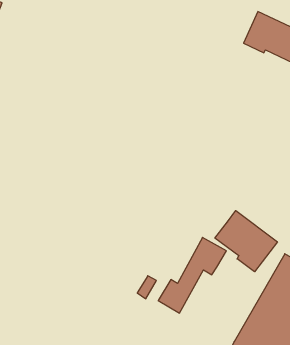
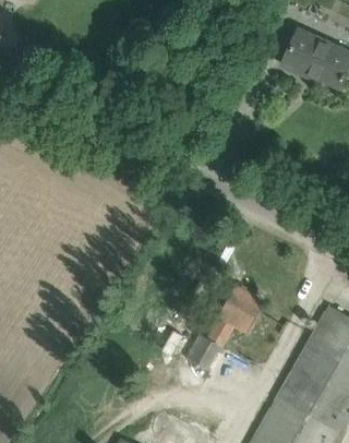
building: [215,211,277,272] -> none

